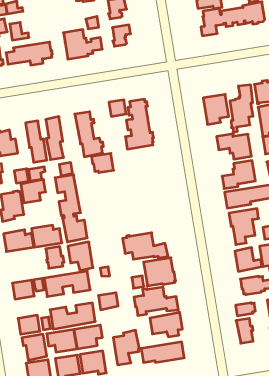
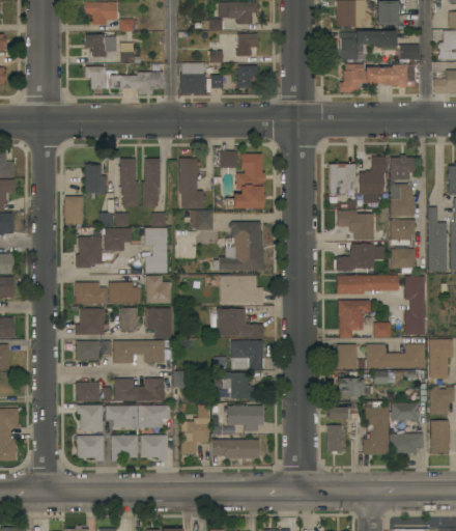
building: none -> [213,222,263,271]
building: none -> [220,276,262,304]
building: none -> [76,309,104,335]

